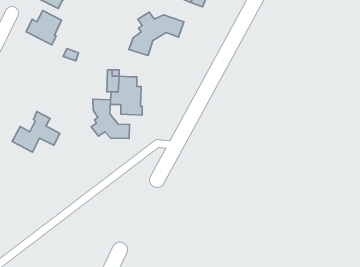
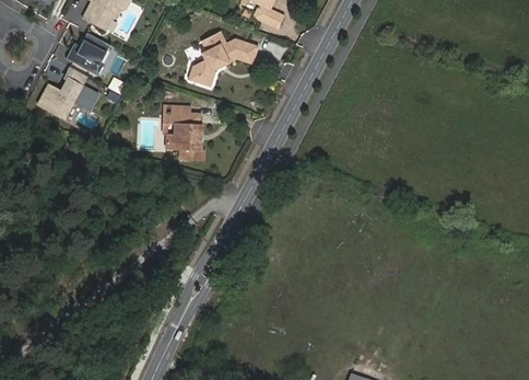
building: [91,99,129,138] -> none
building: [12,111,60,152] -> [37,67,96,117]

